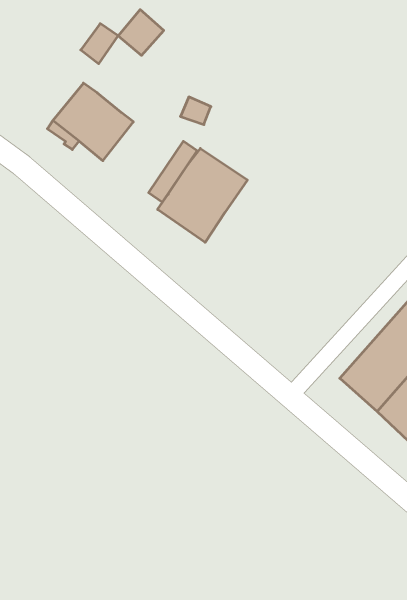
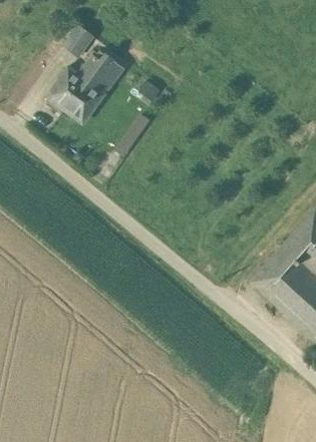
building: [118,10,164,55] -> [82,53,115,86]
building: [158,148,247,242] -> none

